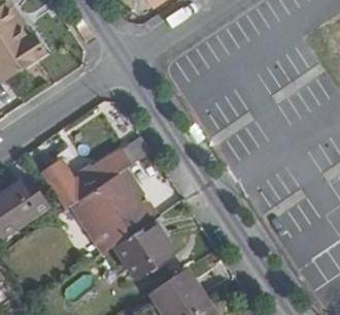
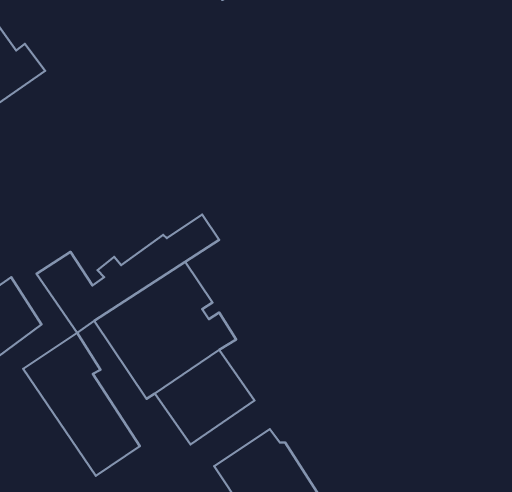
building: none -> [23,333,140,476]

